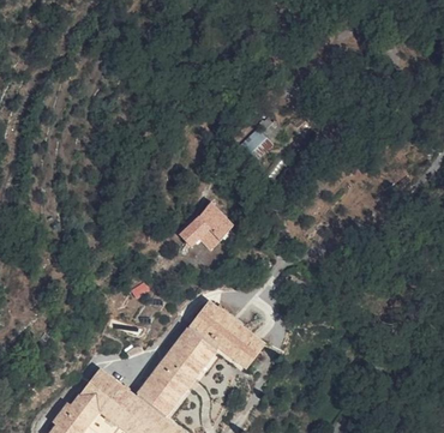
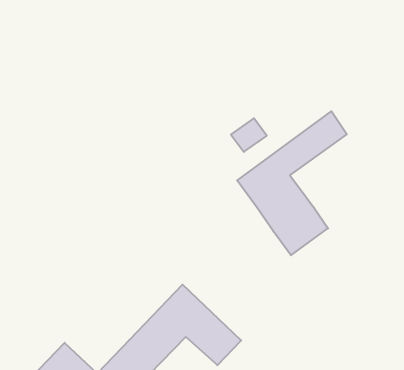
building: none -> [237,111,347,255]
building: [182,204,235,247] -> none

